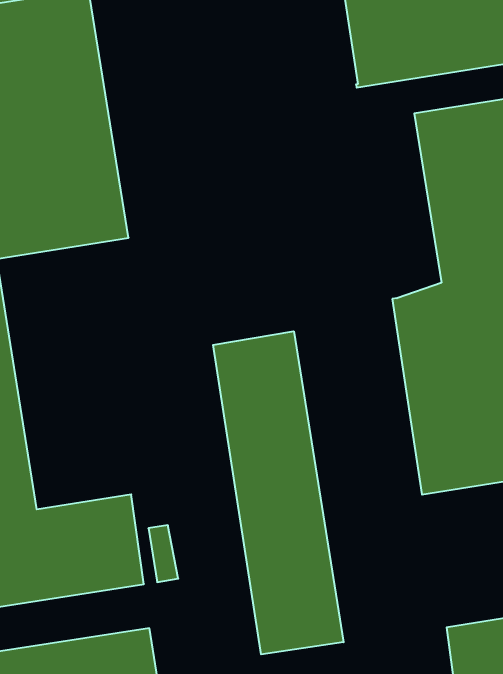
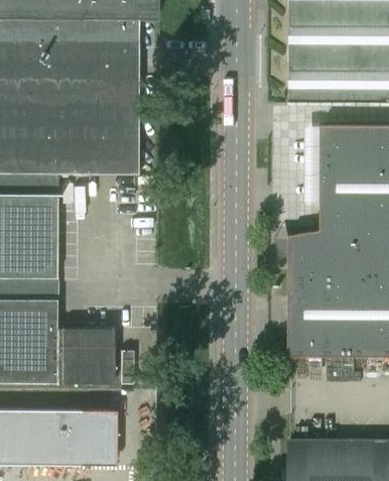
building: [213,331,344,654] -> none

